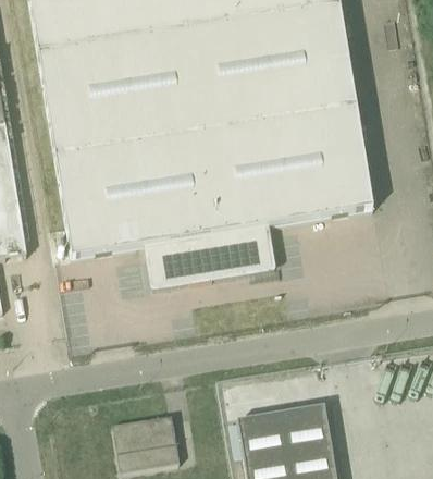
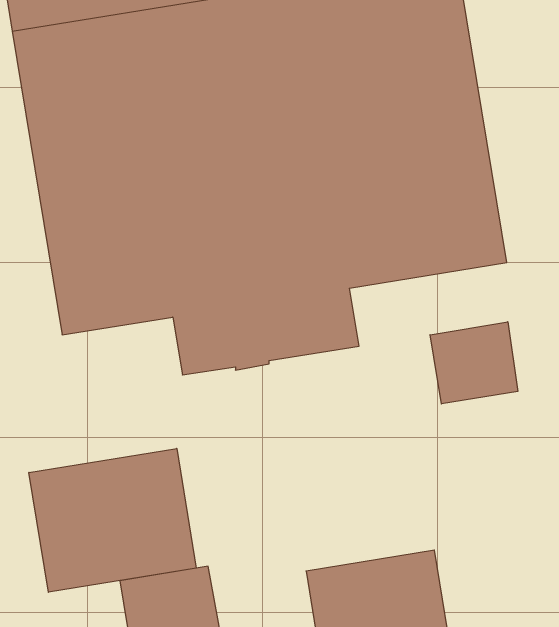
building: none -> [430,322,518,404]
building: none -> [29,448,196,592]

